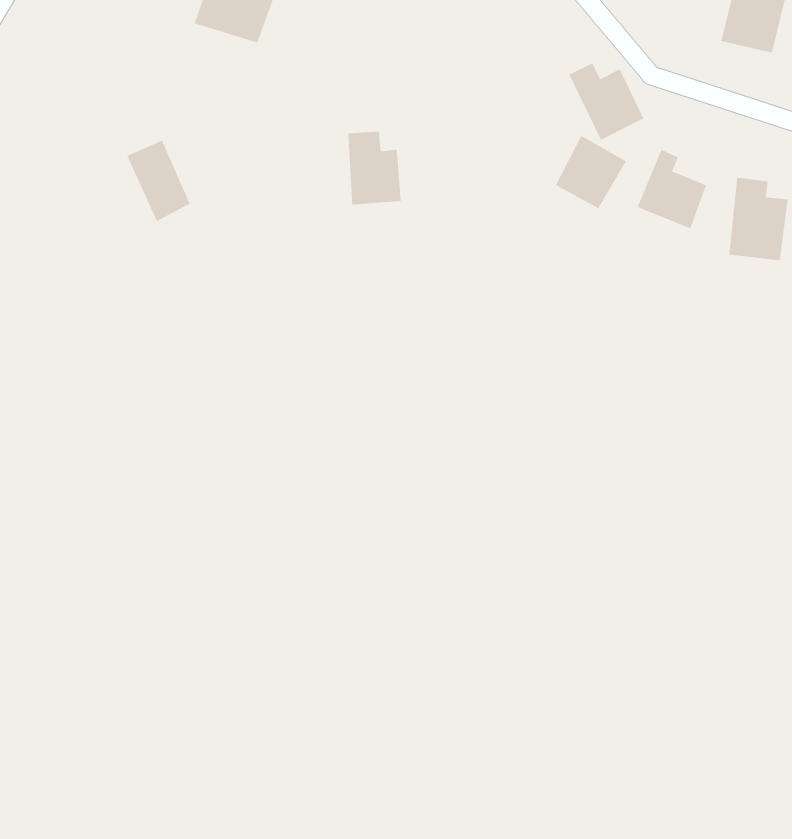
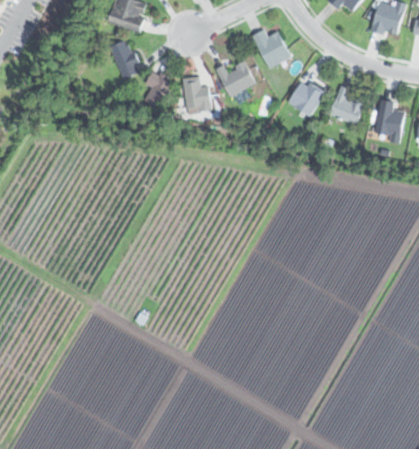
building: [568,63,644,141] -> [252,28,290,67]
building: none -> [215,61,255,96]
building: none -> [143,69,174,110]
building: [127,140,191,222] -> [109,38,141,79]

